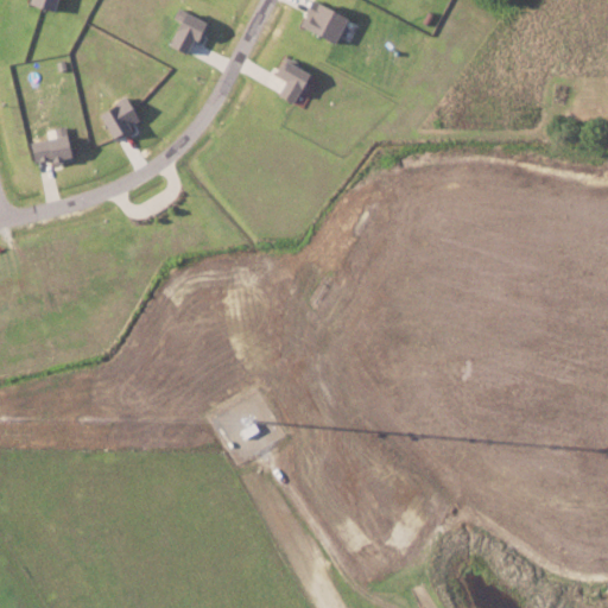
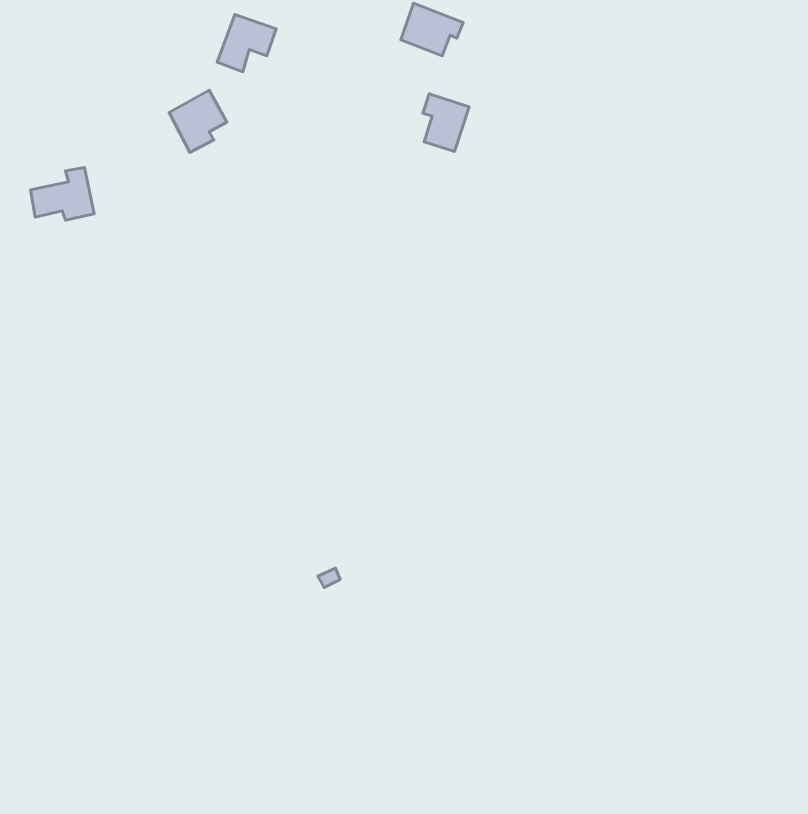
building: [277,62,311,104] -> [423,94,469,151]
building: [99,96,141,142] -> [169,90,227,152]

